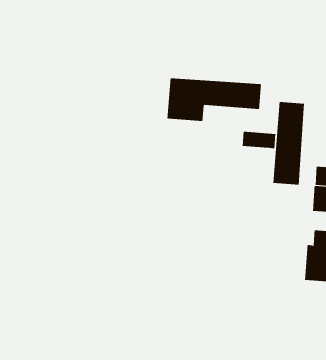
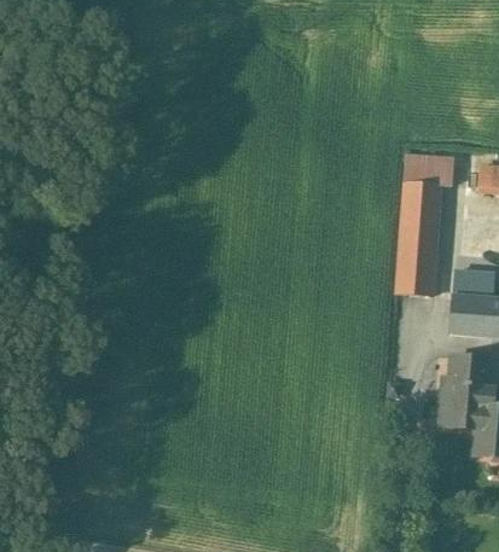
building: [167,78,262,122] -> none
building: [242,131,276,149] -> [405,163,451,187]

